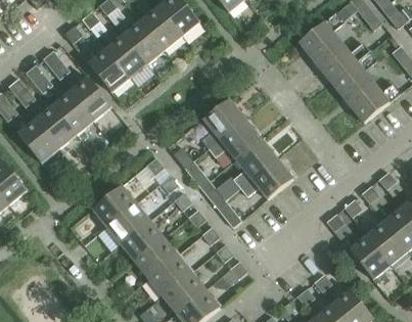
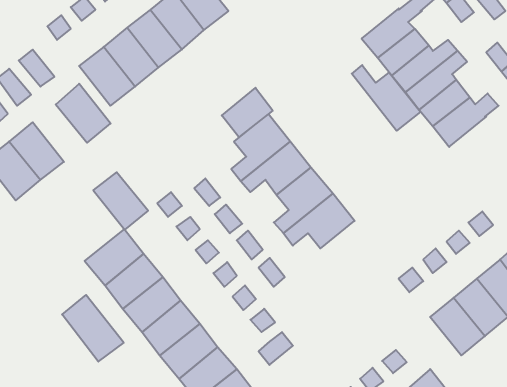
building: none -> [352,65,420,131]
building: none -> [222,88,273,137]
building: [52,91,93,134] -> [93,172,148,230]
building: none -> [62,295,124,362]

